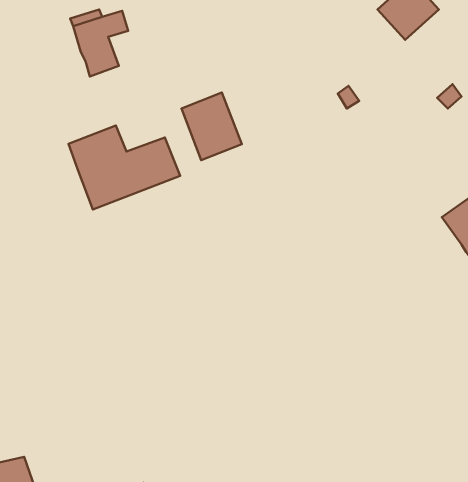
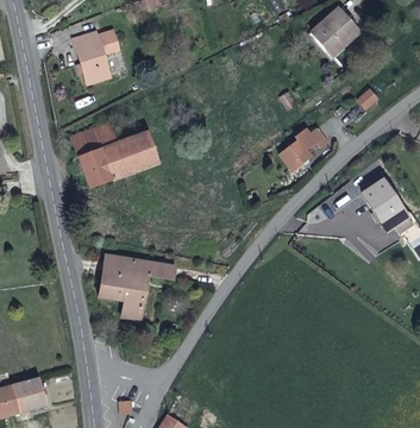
building: [181,93,242,160] -> none
building: none -> [280,127,327,171]
building: none -> [99,256,175,317]

